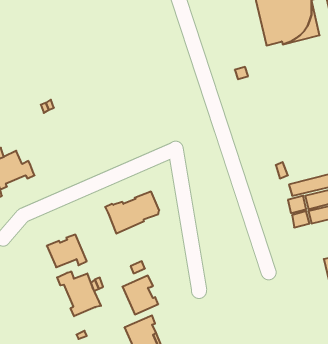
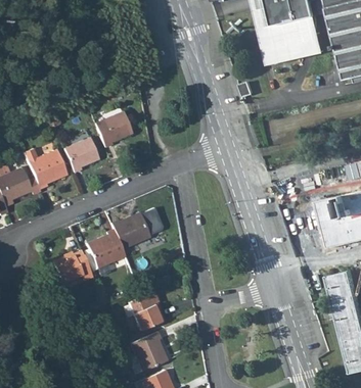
building: none -> [93,111,131,147]
building: none -> [62,138,97,172]
building: none -> [22,149,64,189]
building: none -> [86,229,124,268]
building: [57,271,101,316] -> none

